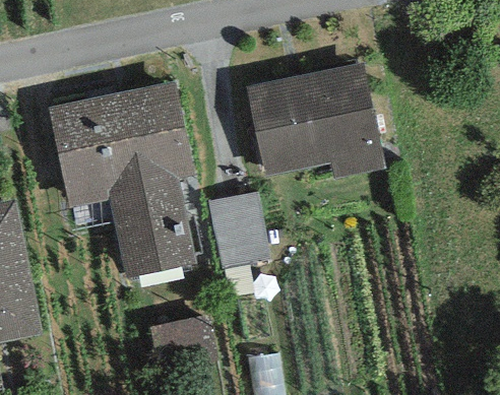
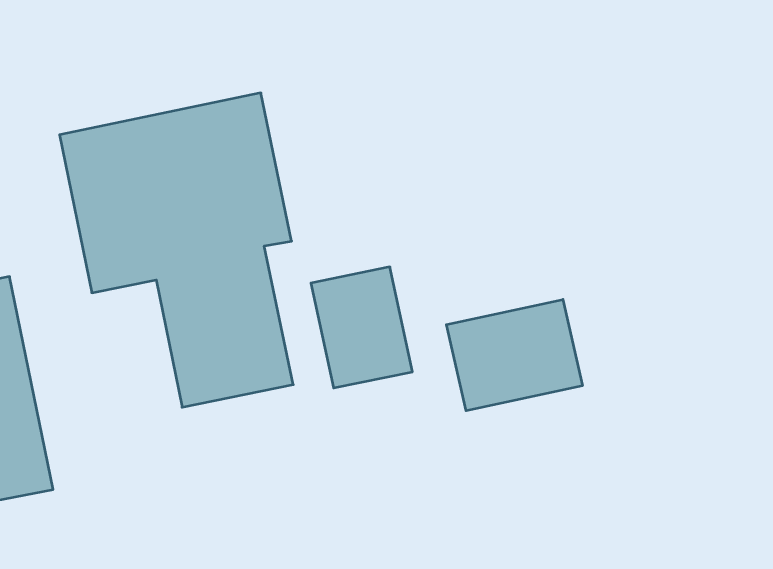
building: [245,62,385,180] -> none
building: none -> [446,299,582,411]

